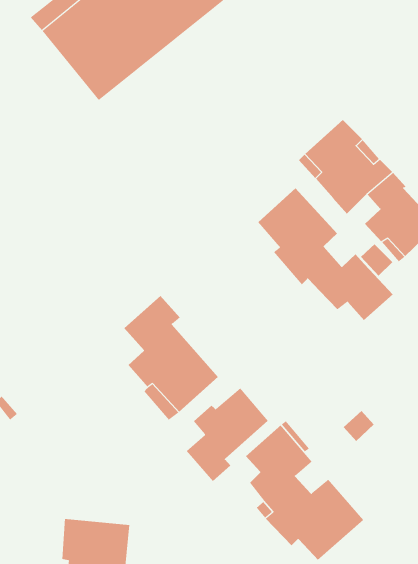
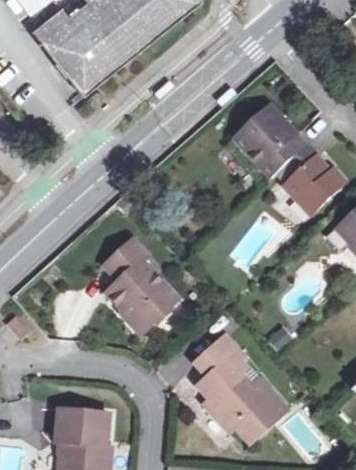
building: [257,188,393,321] -> none
building: [186,388,269,482] -> none

